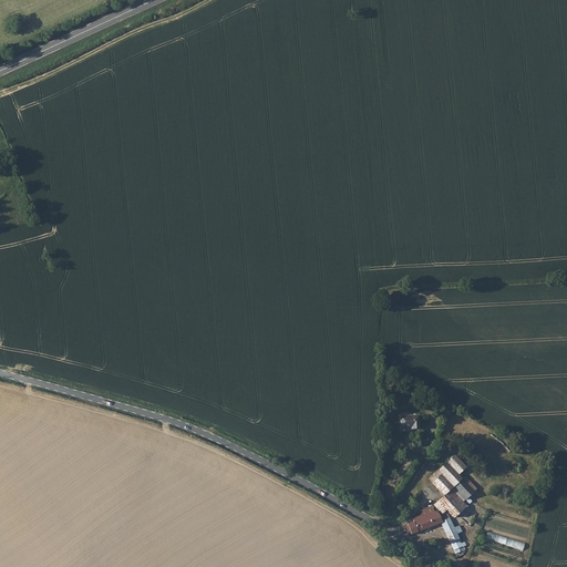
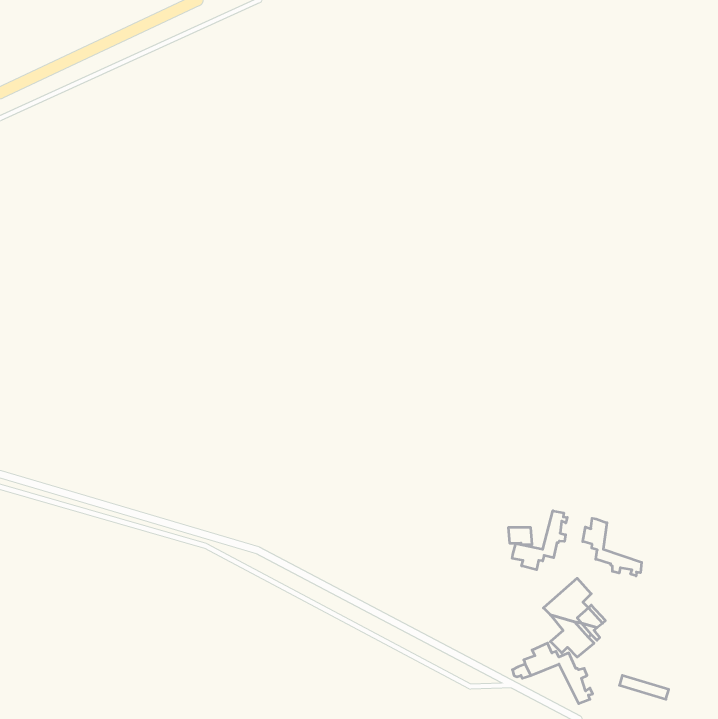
building: none -> [512,511,567,570]
building: none -> [583,518,642,576]

